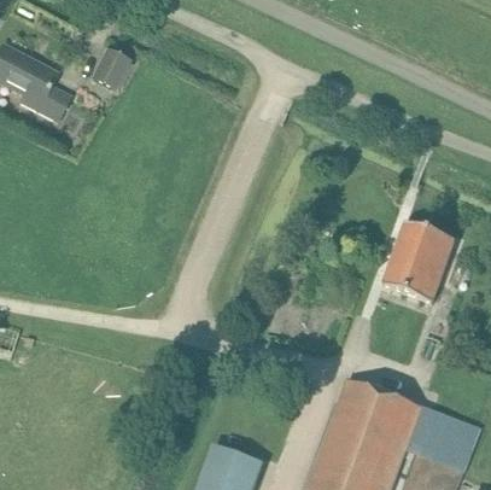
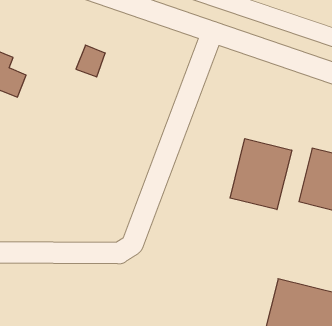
building: [92,49,129,89] -> [76,45,105,77]
building: none -> [230,139,292,210]

